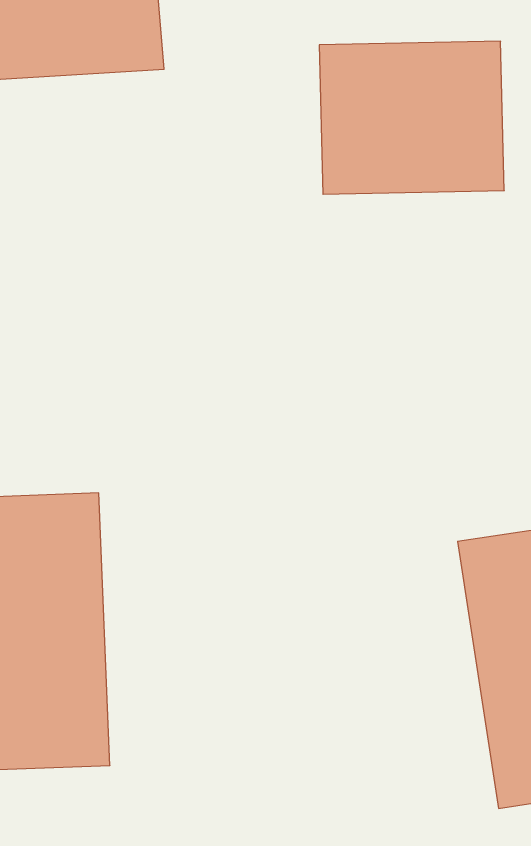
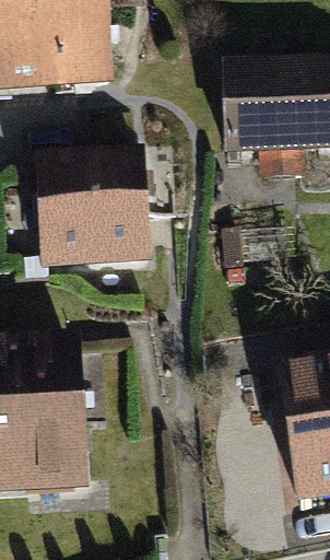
building: none -> [40,149,154,262]

